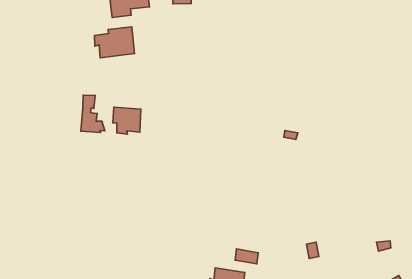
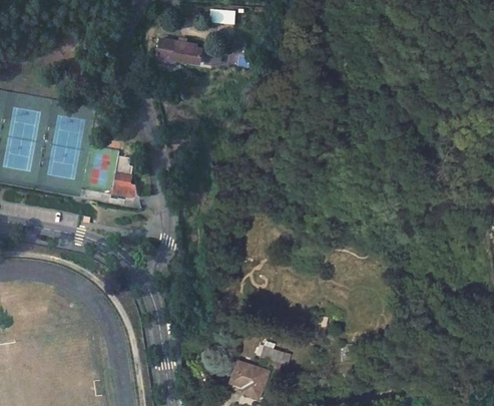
building: [94,27,135,58] -> none
building: [113,107,141,134] -> none

